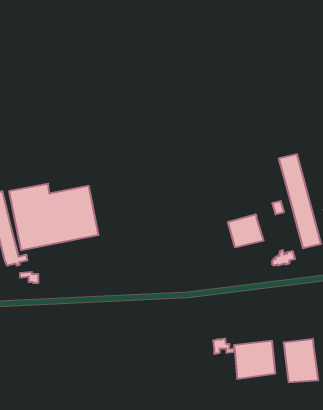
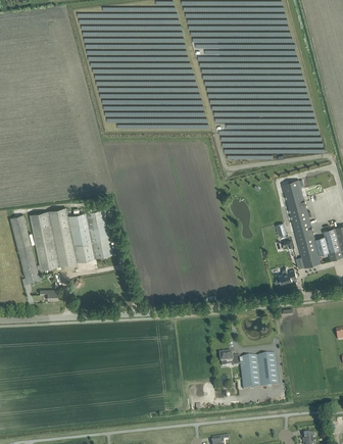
building: [228,214,263,247] -> none
building: [284,339,318,382] -> none

